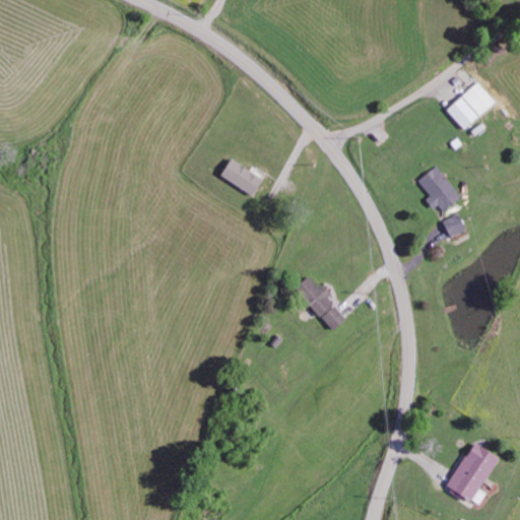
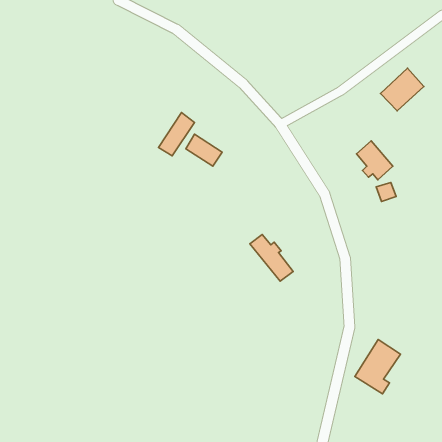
building: none -> [159,112,195,156]
building: [446,442,500,506] -> [355,339,401,394]

